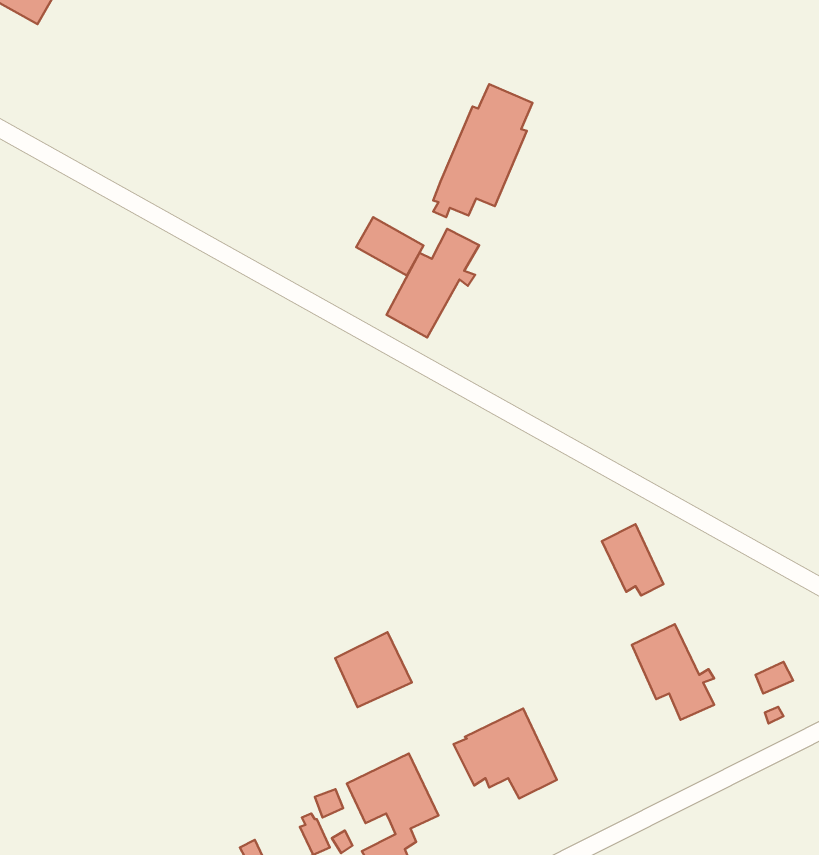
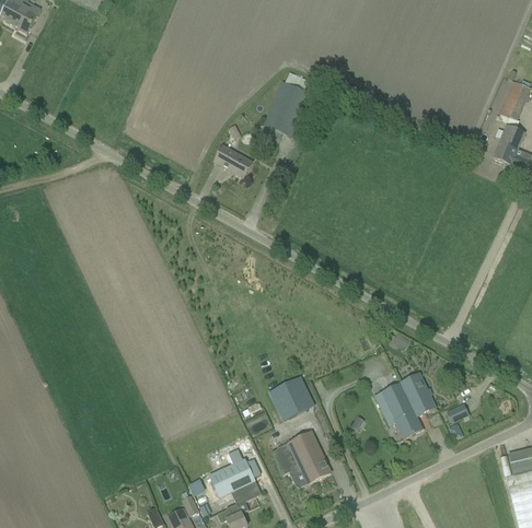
building: [387,229,479,337] -> none
building: [602,524,664,596] -> [400,372,436,413]
building: [335,632,412,707] -> [269,376,314,420]

